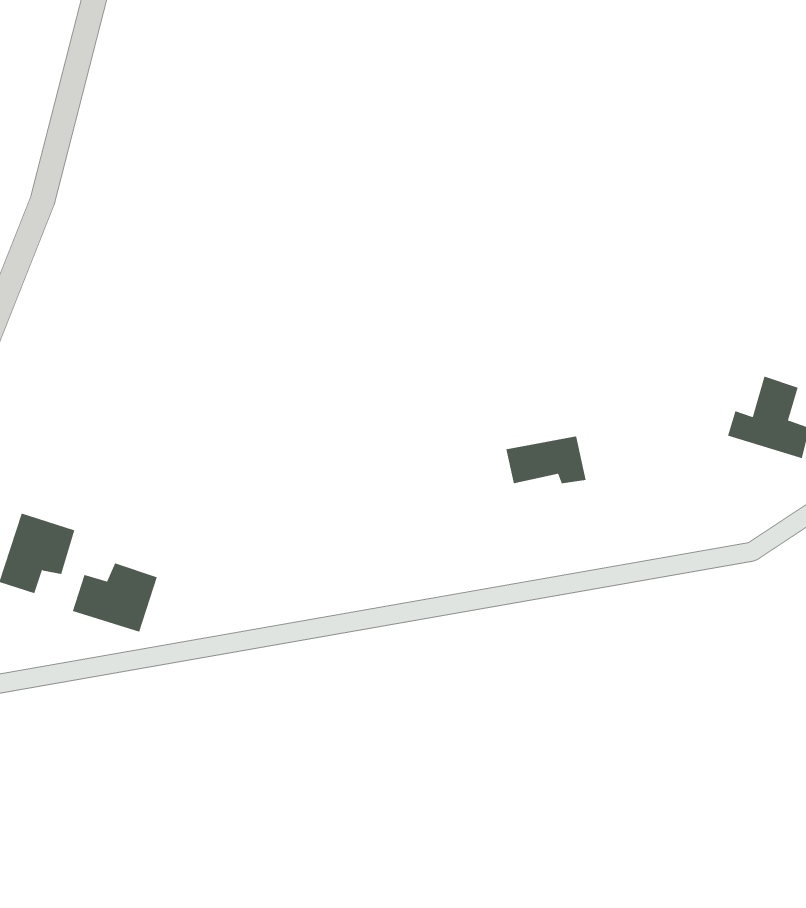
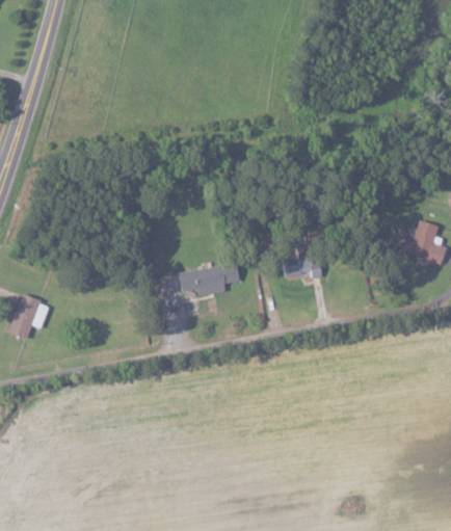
building: none -> [177,263,240,295]
building: [72,563,157,632] -> none

